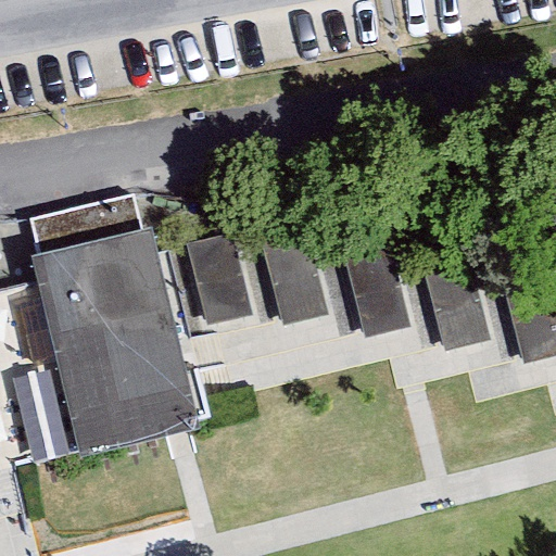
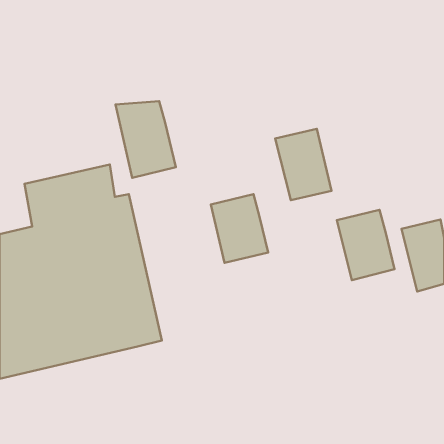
building: [180,233,255,329] -> [116,101,176,178]
building: [341,253,412,342] -> [275,129,332,200]

